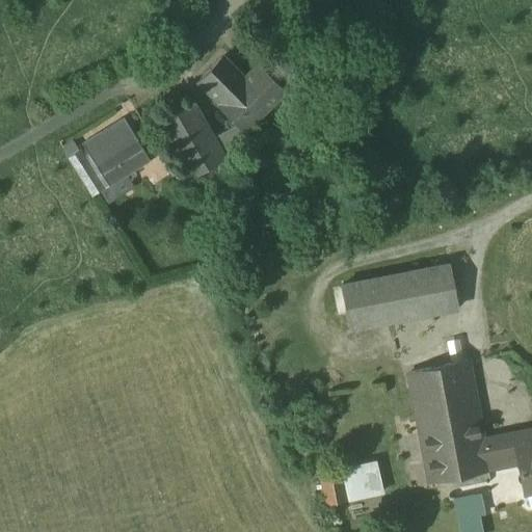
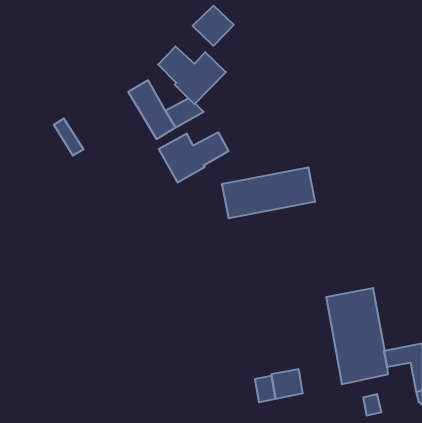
building: none -> [193,6,234,46]
building: [84,118,150,185] -> none
building: none -> [159,132,228,183]
building: [342,265,459,328] -> [222,168,315,218]

